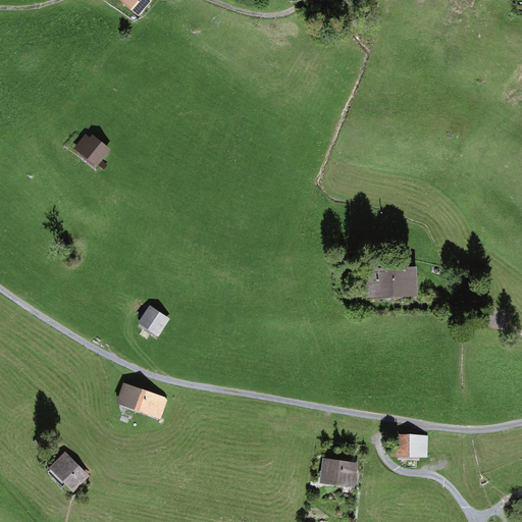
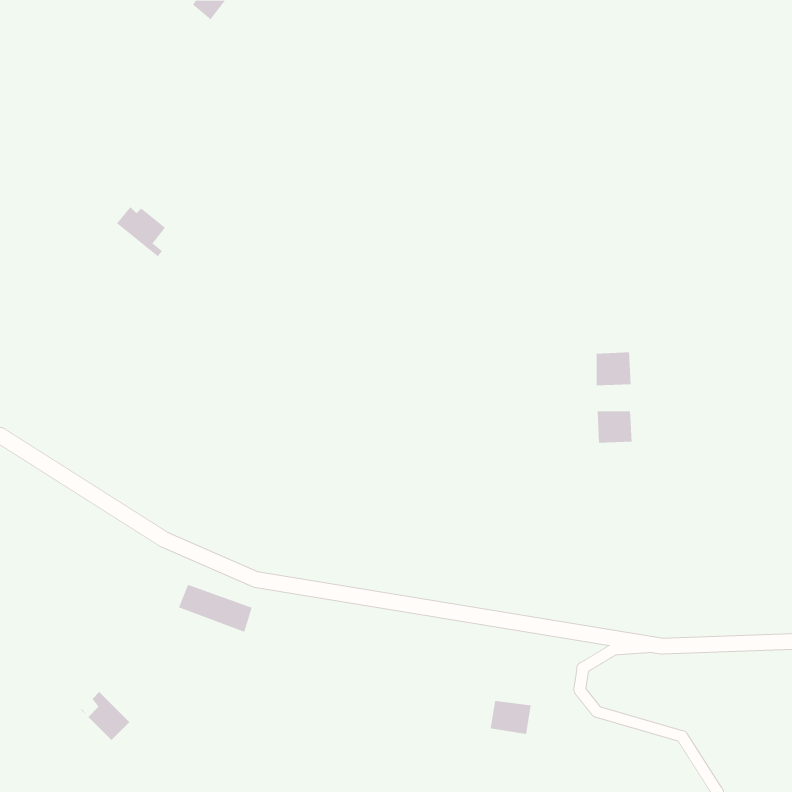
building: [370,270,394,293] -> [596,352,632,386]
building: [141,307,168,333] -> none
building: [392,436,427,455] -> none

